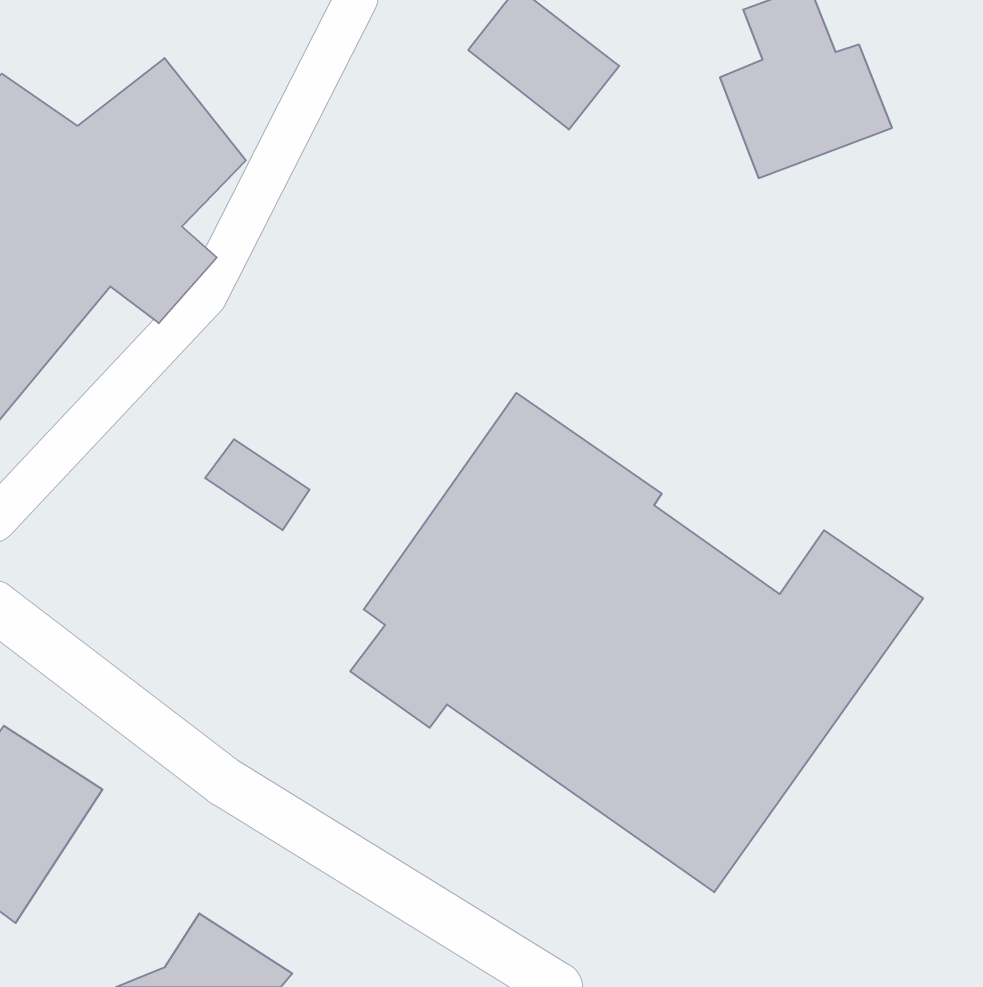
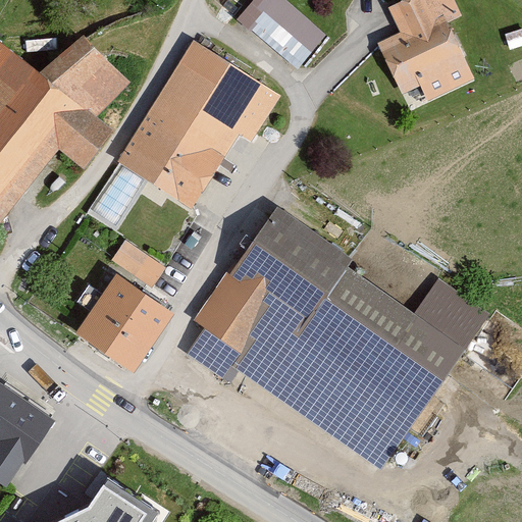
building: none -> [115,40,281,208]
building: none -> [79,281,164,367]

